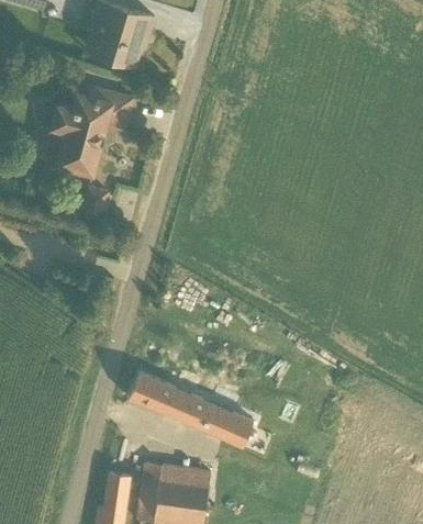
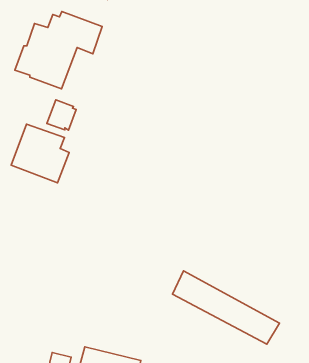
building: none -> [11,124,69,183]
building: [130,371,254,446] -> [173,271,279,344]

